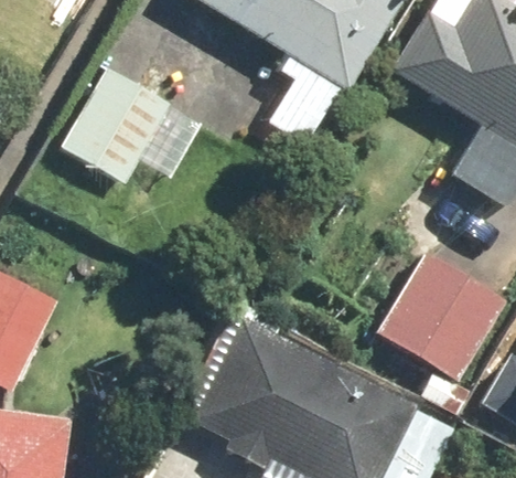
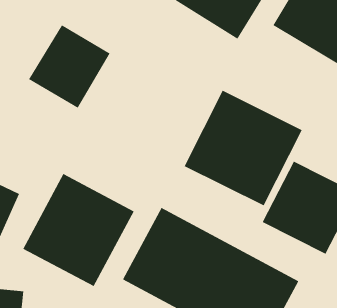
building: none -> [184,90,303,206]
building: none -> [22,173,135,287]

